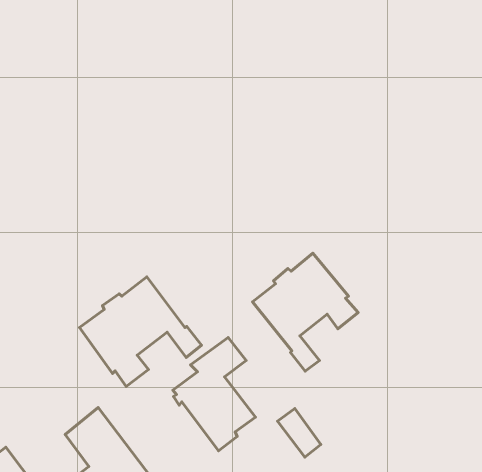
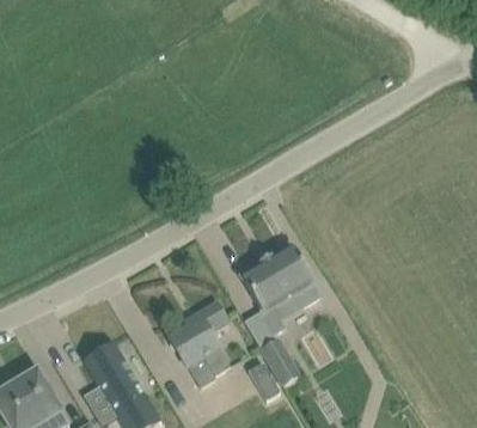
building: [80,277,202,387] -> none
building: none -> [259,337,300,384]

